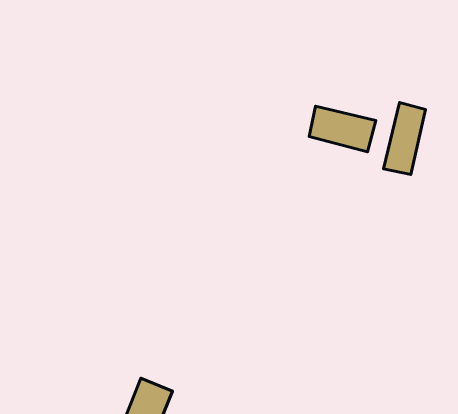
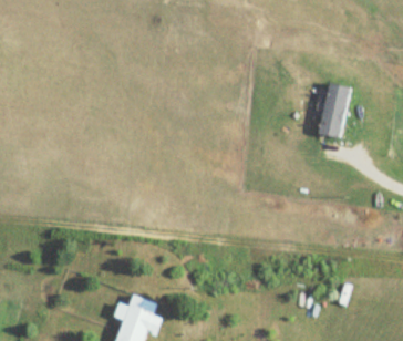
building: [309,106,376,152] -> none

